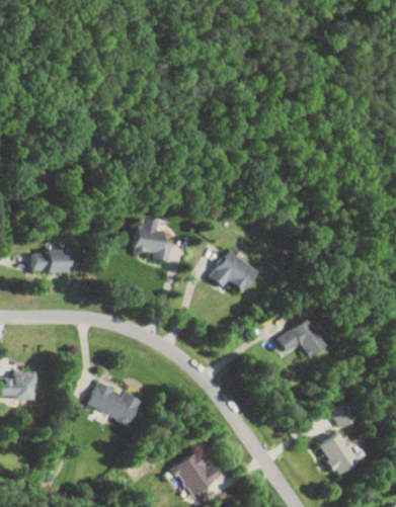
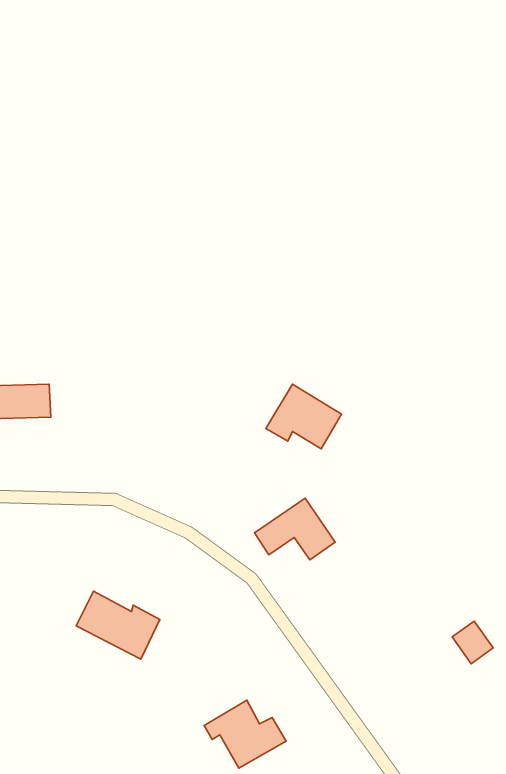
building: [131,219,171,260] -> none
building: [274,319,326,358] -> [255,498,335,560]
building: [323,434,357,475] -> none

